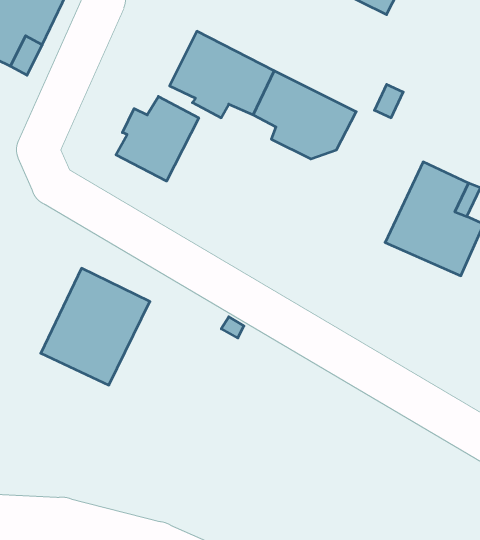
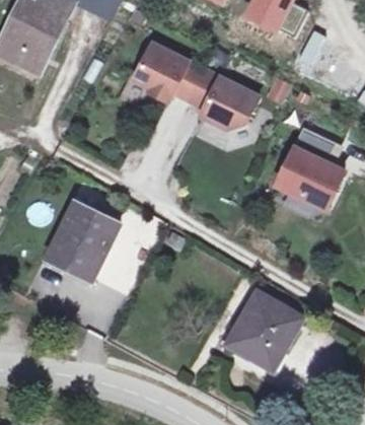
building: [116,96,199,181] -> none
building: none -> [230,292,301,365]

